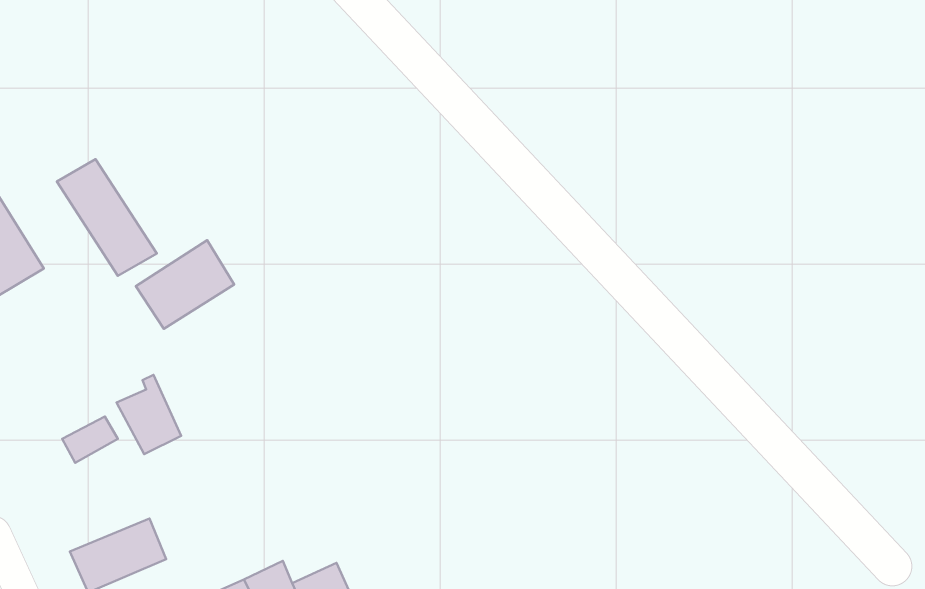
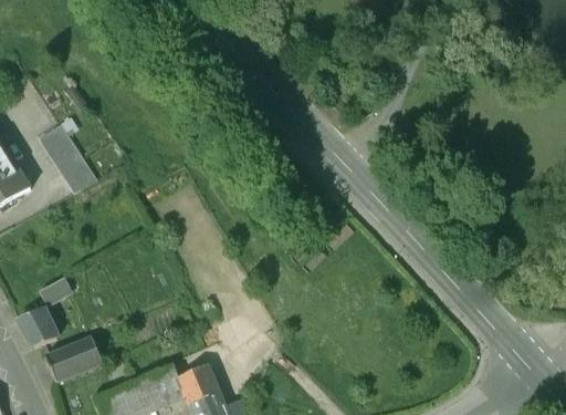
building: [136,240,234,329] -> none
building: [116,375,181,454] -> [18,301,56,349]

